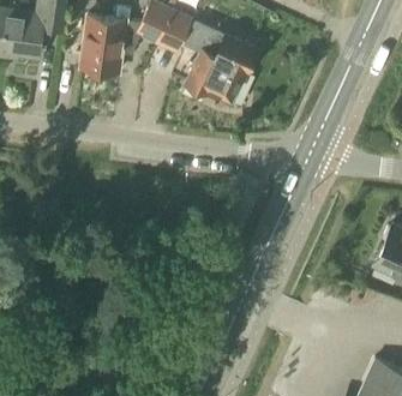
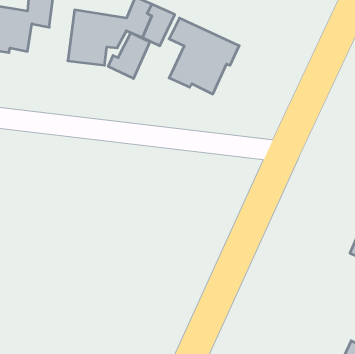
building: none -> [108,33,150,79]

